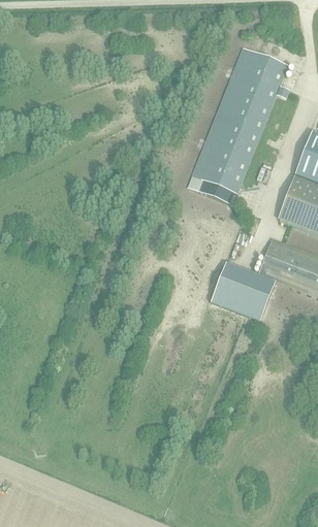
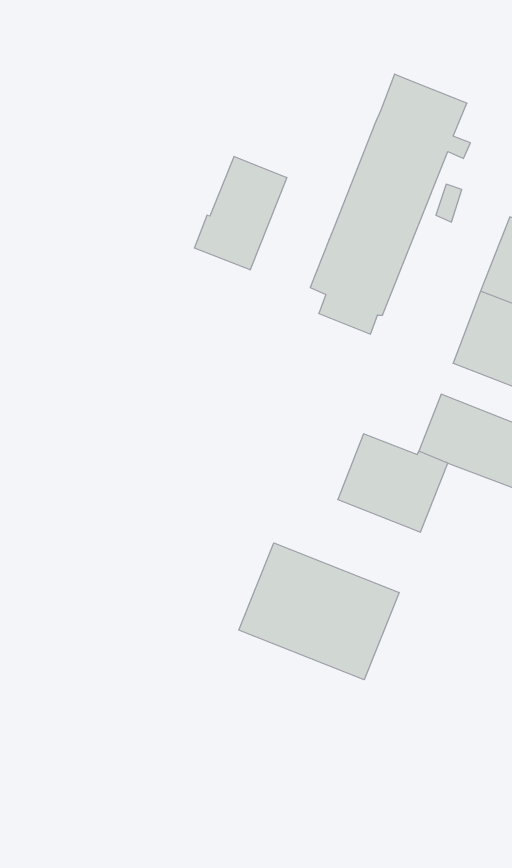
building: none -> [194,156,287,270]
building: none -> [239,543,399,680]

